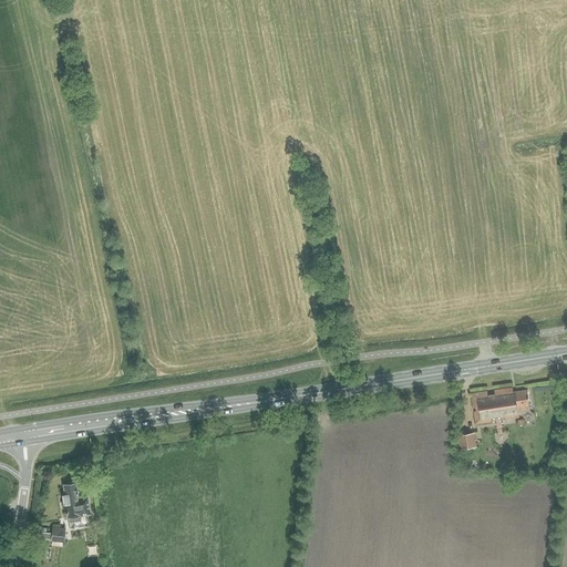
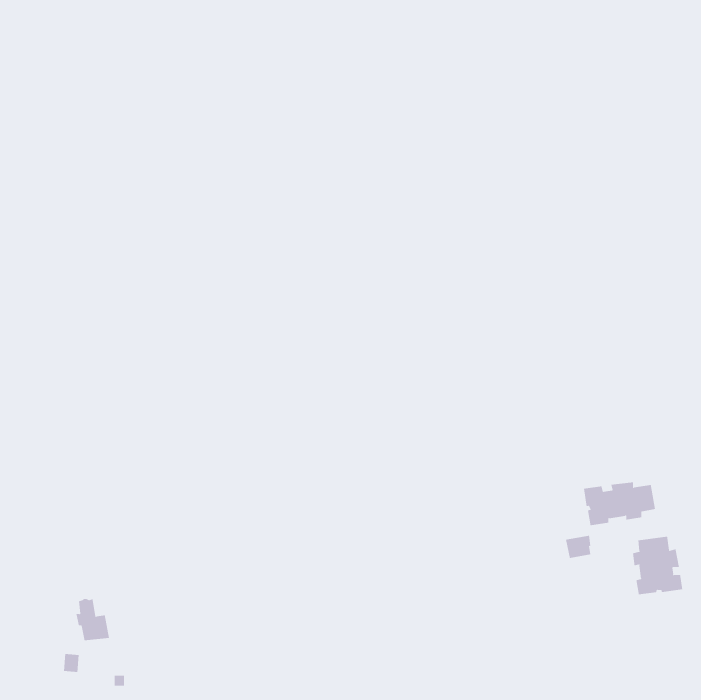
building: none -> [633,536,683,595]

